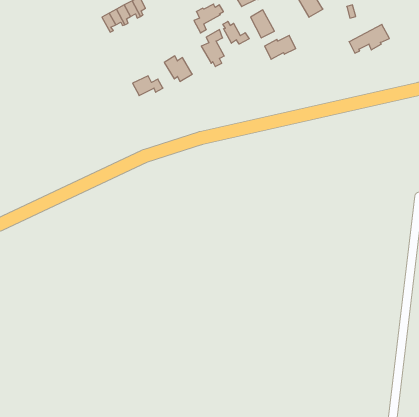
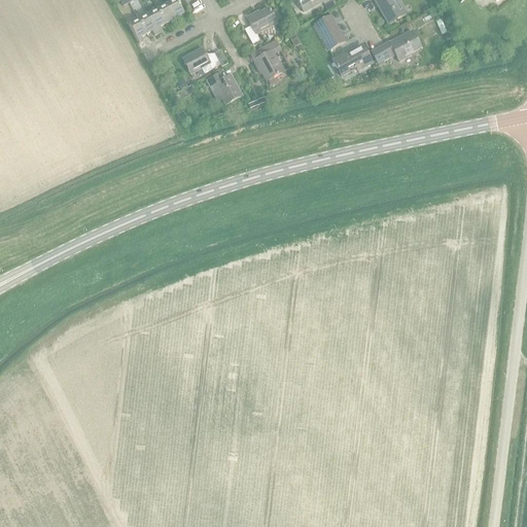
building: [223,21,249,44] -> none
building: [349,24,389,53] -> [370,28,420,64]
building: [133,76,163,96] -> [181,46,219,71]

